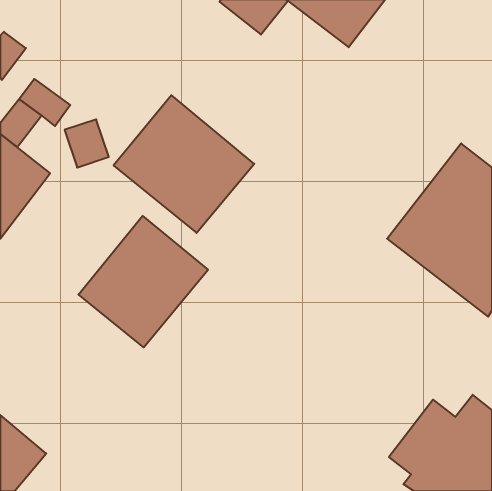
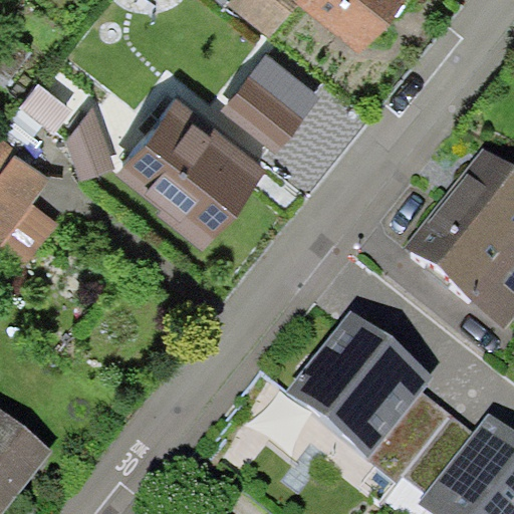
building: none -> [223,69,308,150]
building: [78,216,208,347] -> none
building: none -> [287,313,452,482]

